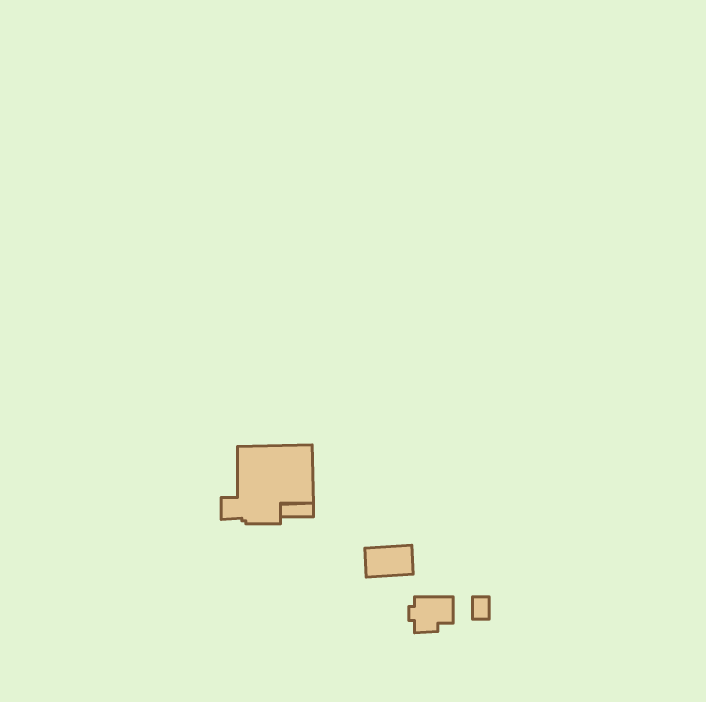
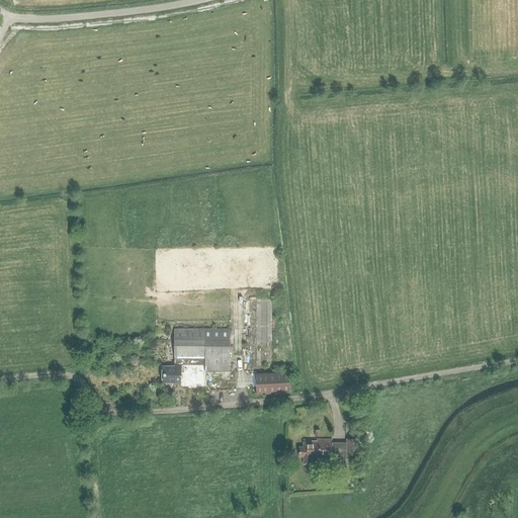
building: [365,545,413,577] -> [255,369,290,393]

